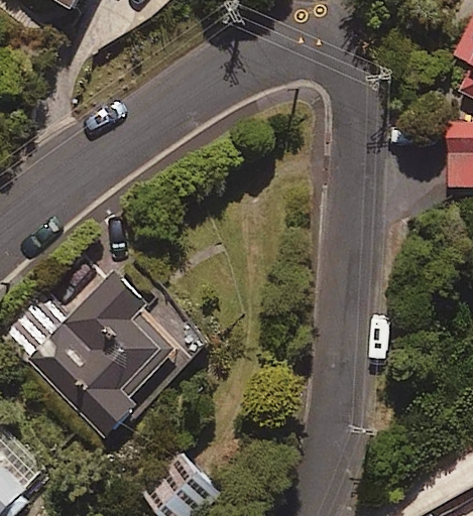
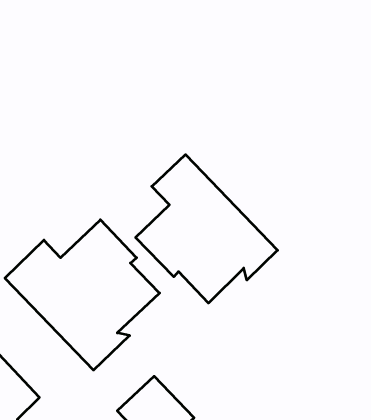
building: none -> [136,155,278,303]

